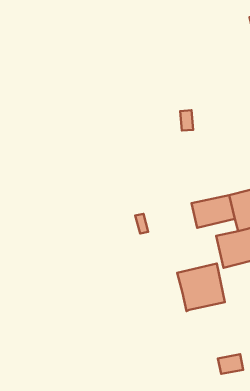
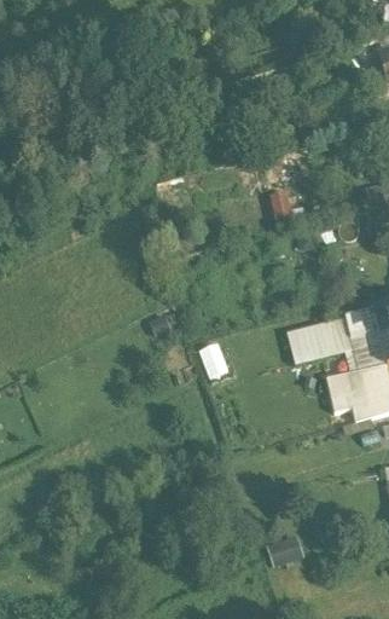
building: [177,263,225,311] -> none
building: [218,354,243,374] -> [266,533,303,562]

